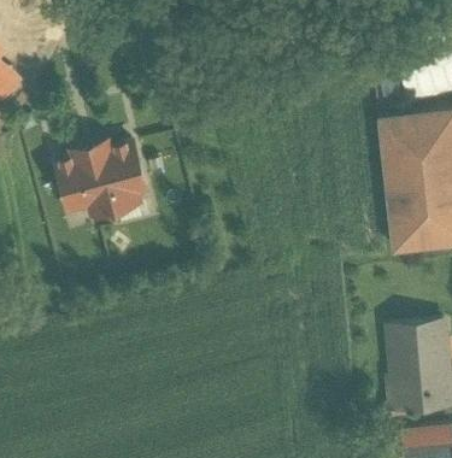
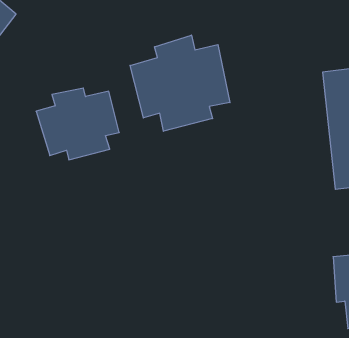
building: none -> [130,35,230,131]

